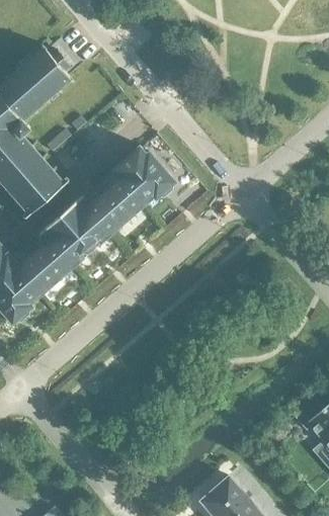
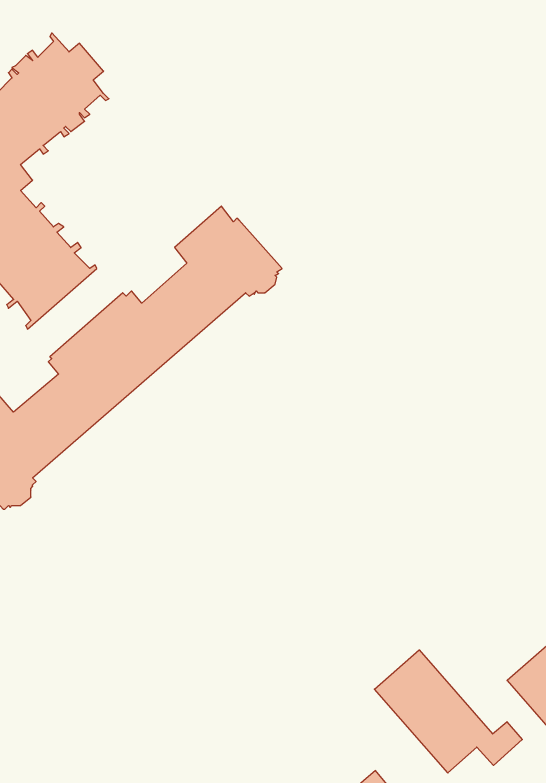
building: none -> [374,650,522,773]

